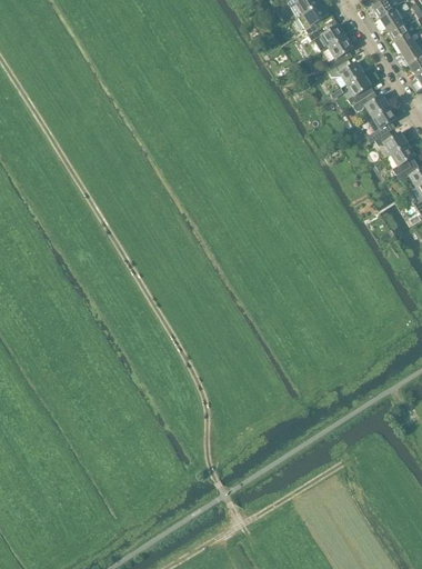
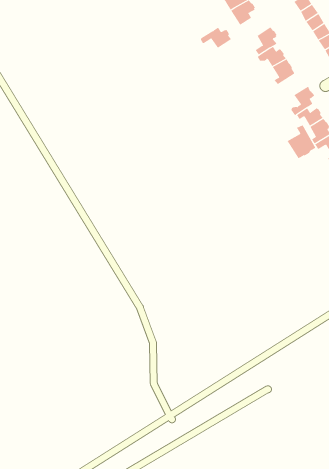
building: [307,21,344,47] -> [200,27,232,48]
building: [352,91,389,117] -> none
building: none -> [287,125,316,159]

